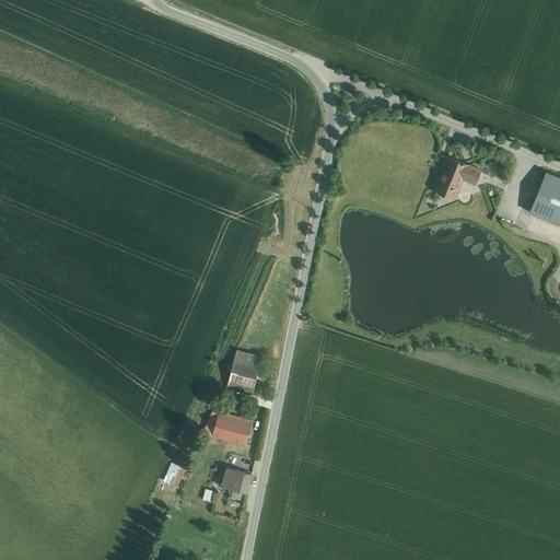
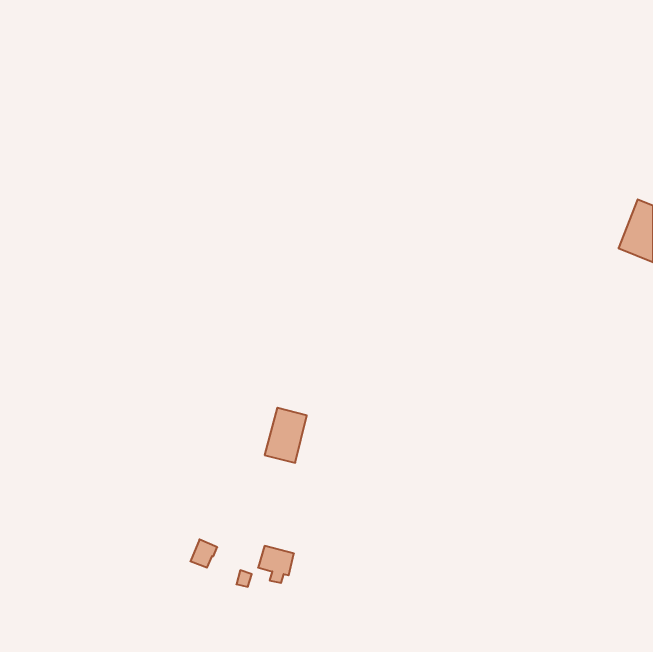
building: [436,156,481,200] -> none
building: [202,412,252,445] -> none

